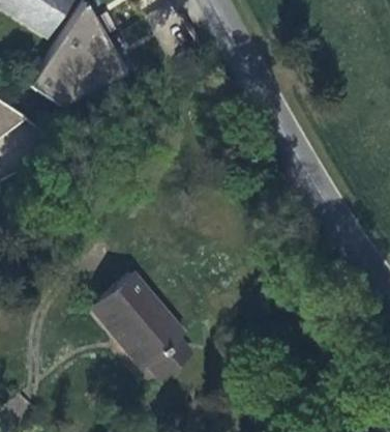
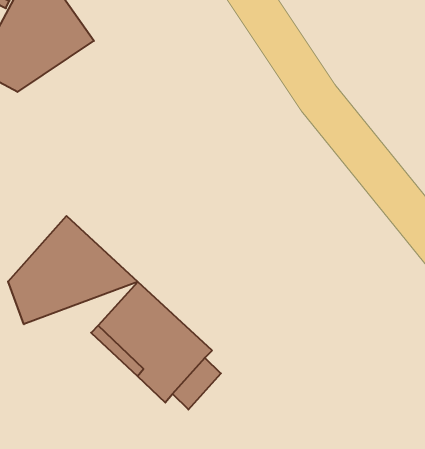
building: none -> [8,216,138,324]

